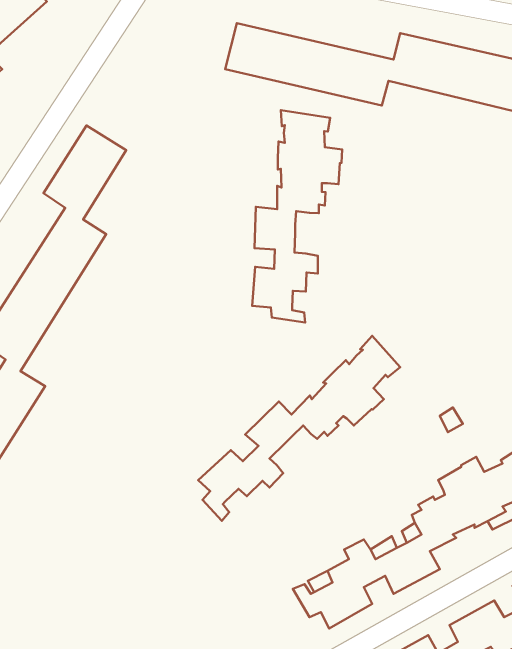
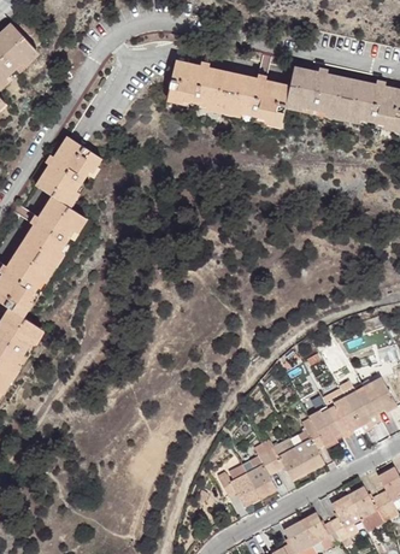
building: [252,110,342,323] -> none
building: [198,336,400,521] -> none

